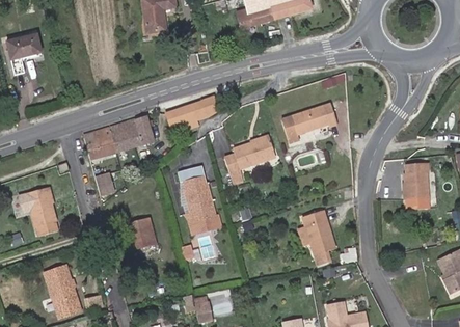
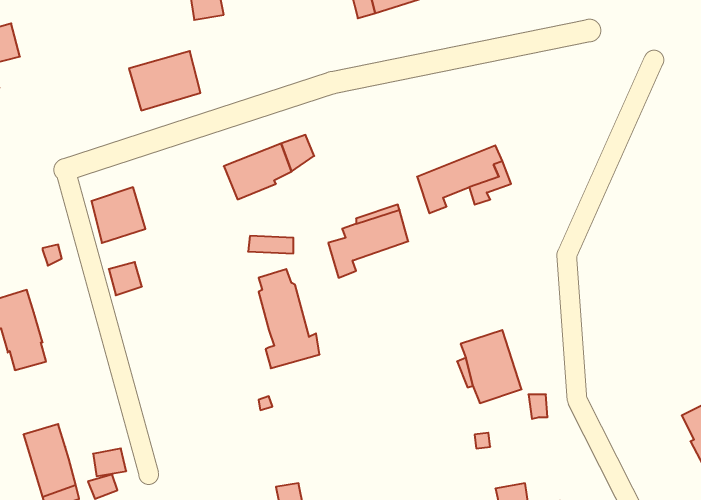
building: [109,117,152,153] -> [129,51,200,110]
building: [404,166,428,202] -> none
building: [123,218,155,251] -> none

